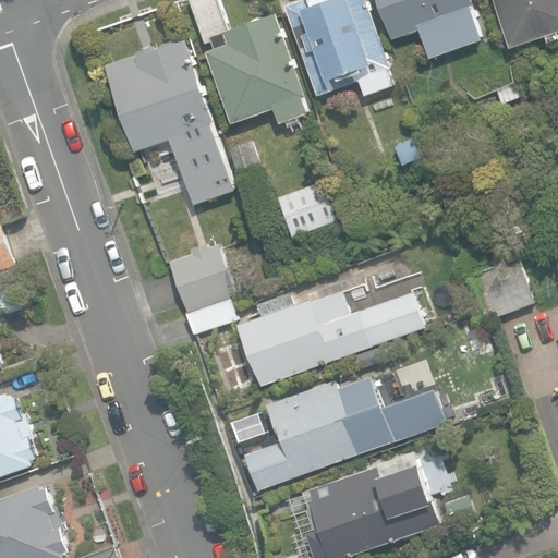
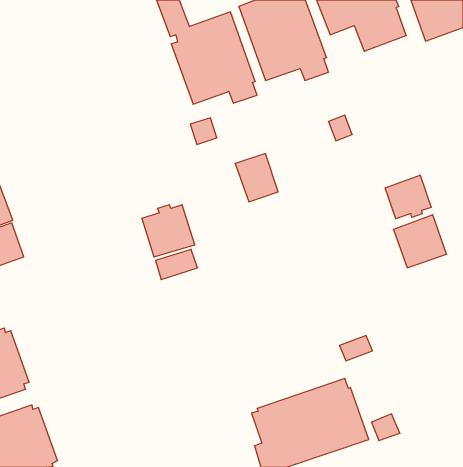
building: [102,39,232,205] -> none
building: none -> [385,175,431,219]
building: [238,289,424,385] -> none
building: [244,376,398,489] -> none

